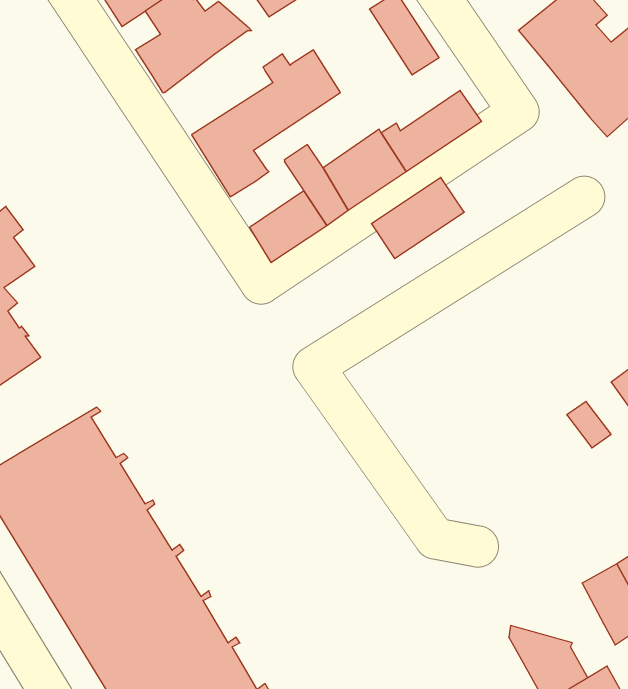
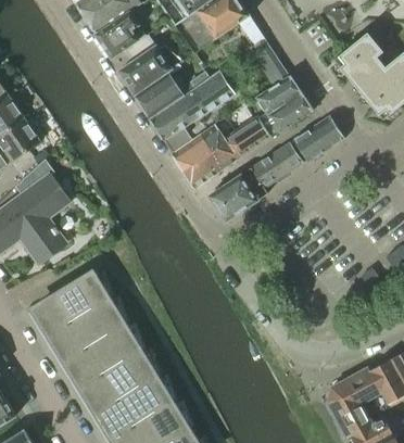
building: none -> [135,73,195,118]
building: none -> [255,75,301,116]
building: none -> [293,116,344,162]
building: none -> [172,132,213,170]
building: none -> [211,168,268,219]
building: none -> [329,367,381,404]

